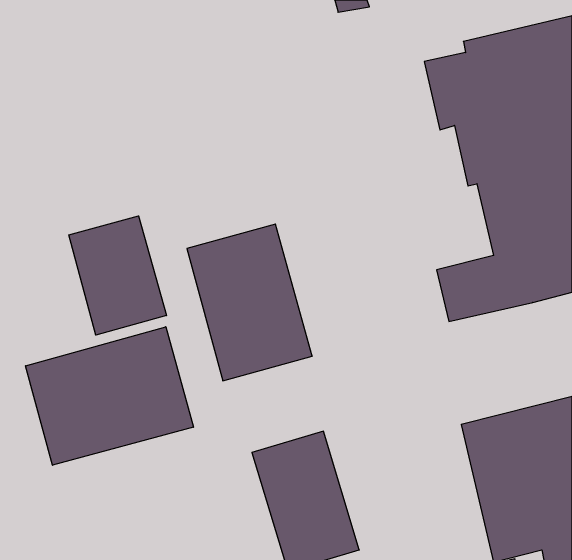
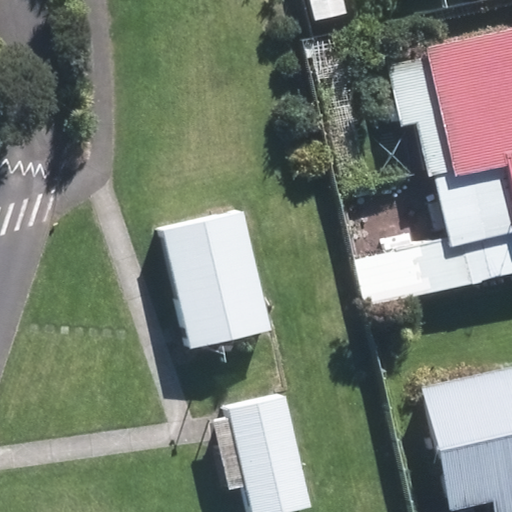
building: [69,216,166,335] -> none
building: [26,327,193,465] -> none

